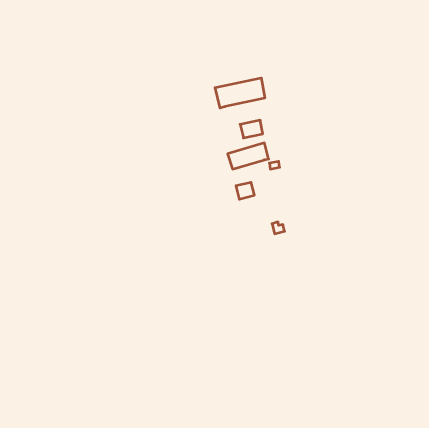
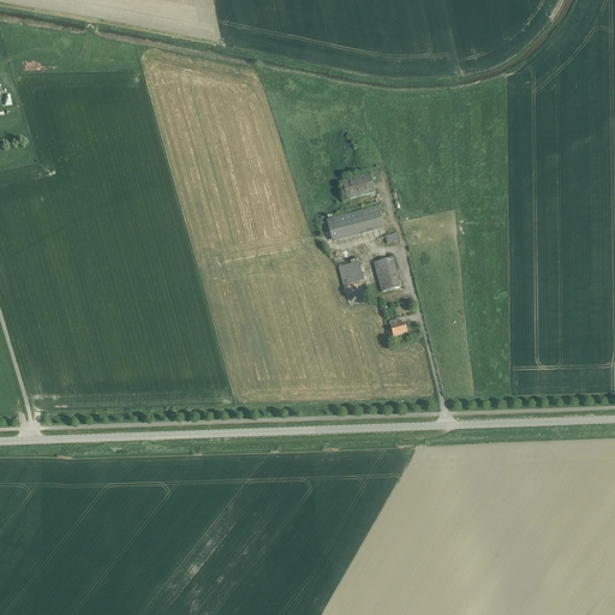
building: [215,78,265,108] -> none
building: none -> [374,256,400,291]

